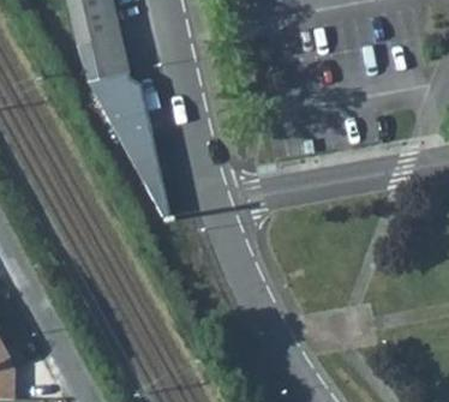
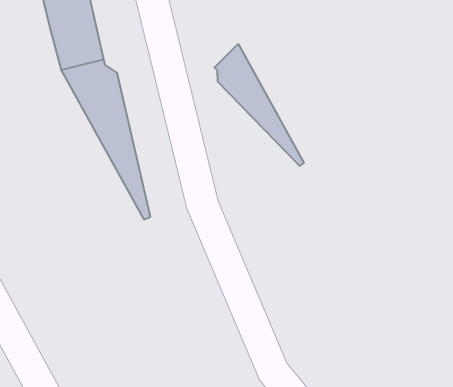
building: none -> [214,44,304,166]

